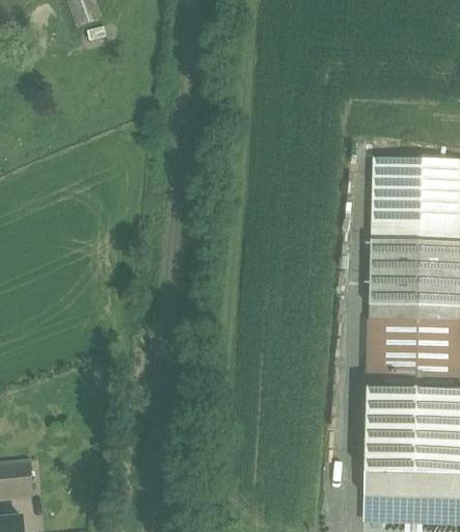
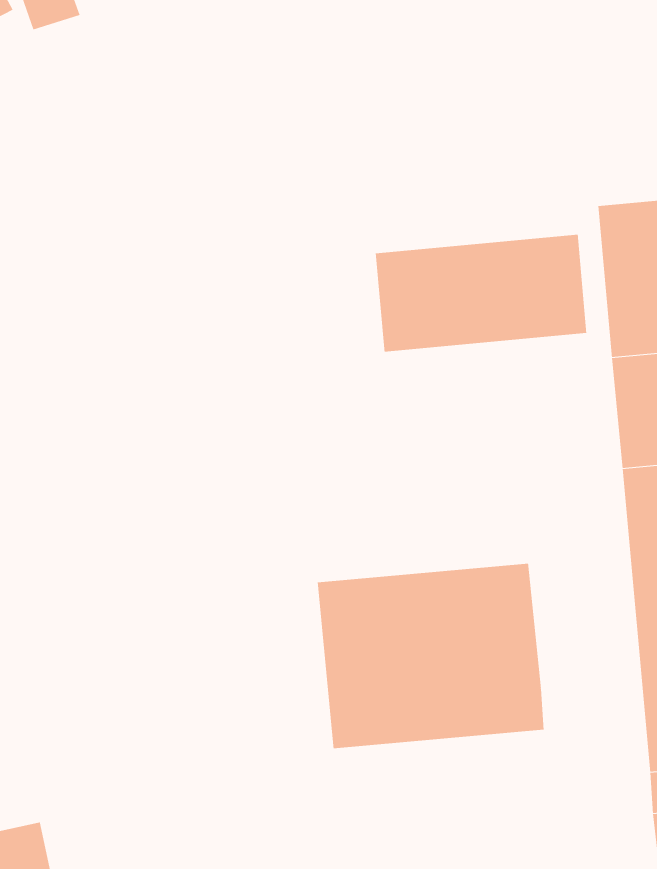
building: none -> [375,234,587,352]
building: none -> [317,563,544,749]

